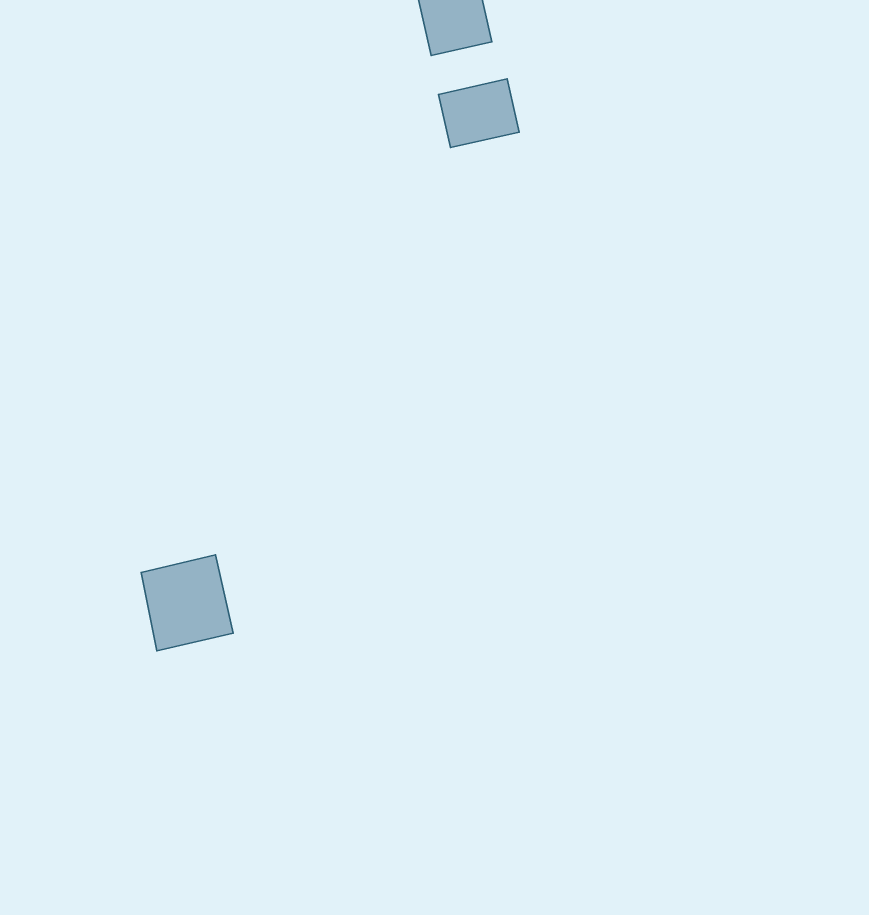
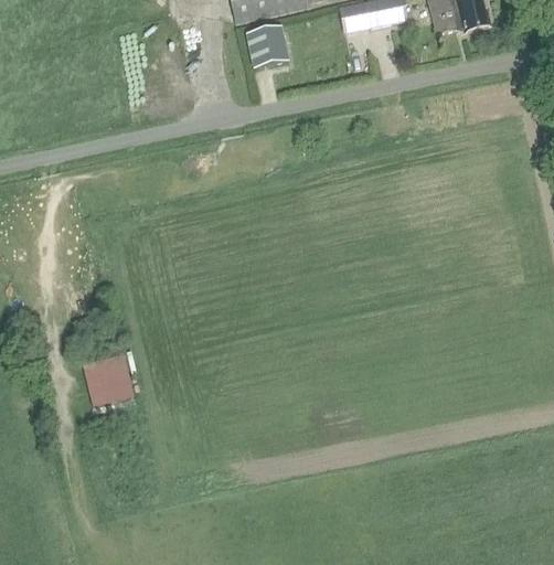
building: [438,79,519,148] -> none

